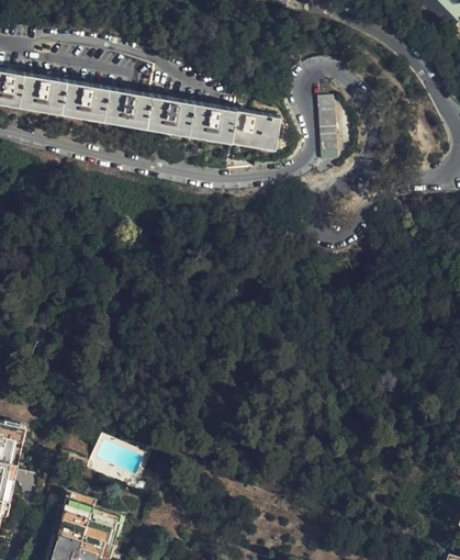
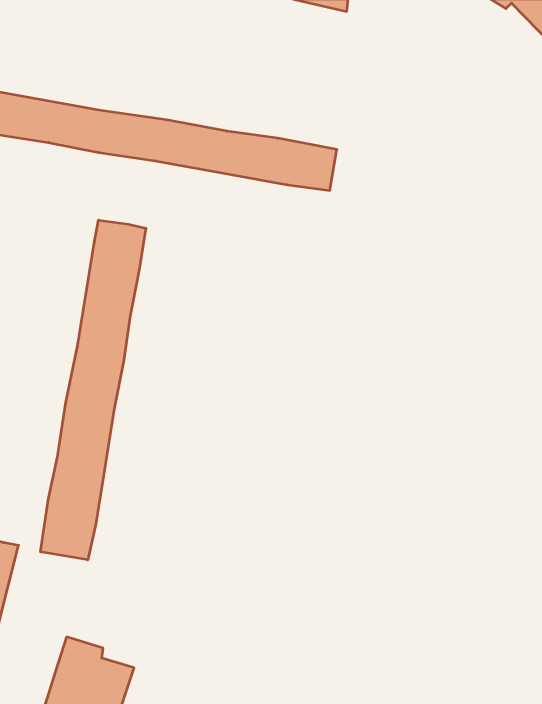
building: [317,98,338,161] -> none
building: none -> [41,220,146,560]

